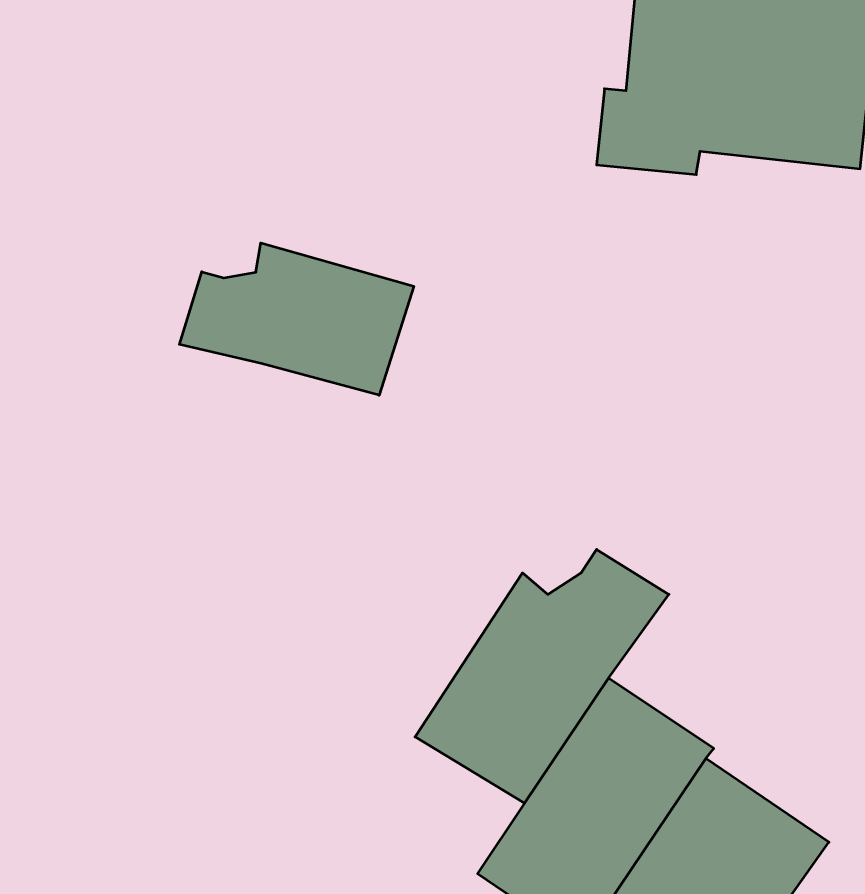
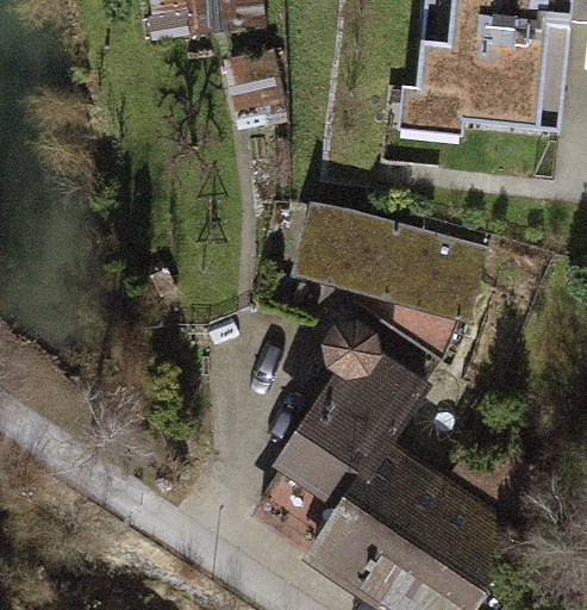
building: [179,243,414,395] -> none
building: none -> [280,201,477,386]

